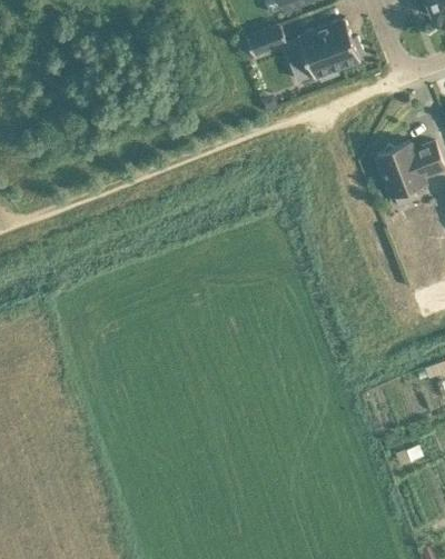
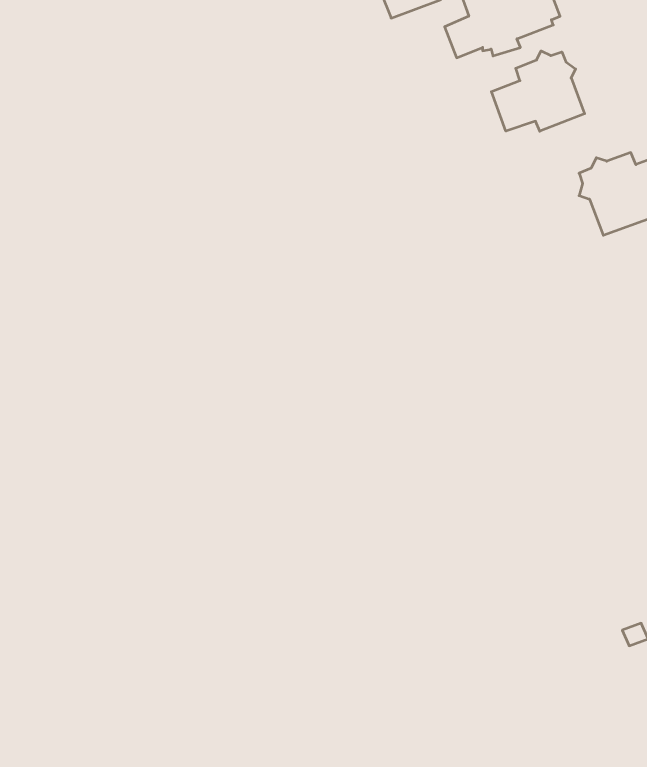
building: none -> [491,51,585,131]

